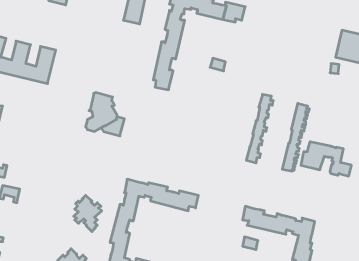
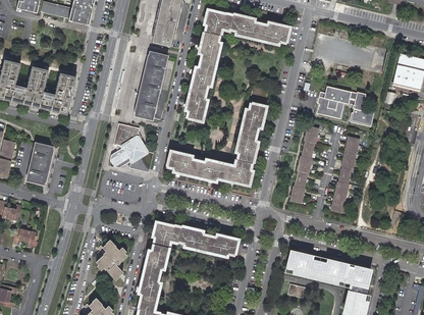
building: none -> [134,51,168,119]
building: none -> [167,102,265,183]
building: none -> [26,142,53,183]
building: [301,142,351,176] -> [320,85,377,123]

